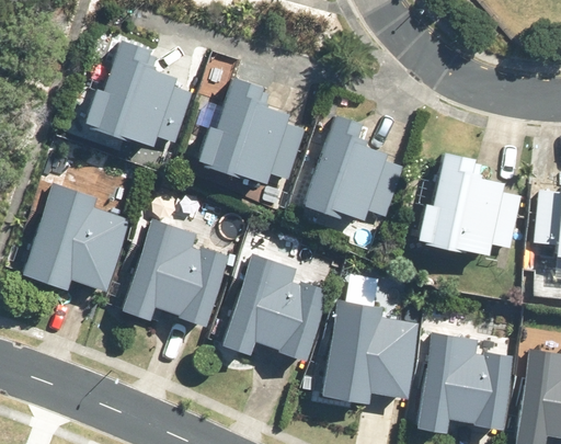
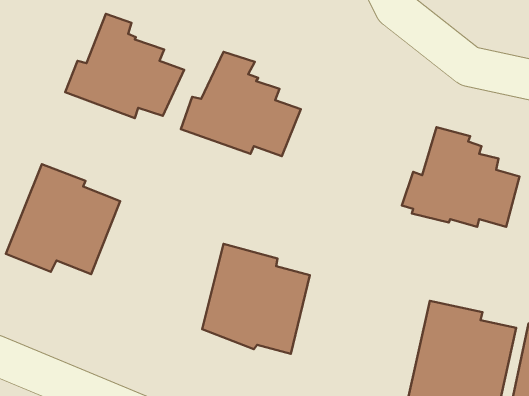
building: [296,115,407,216] -> none
building: [123,223,233,330] -> none
building: [319,284,426,397] -> none

